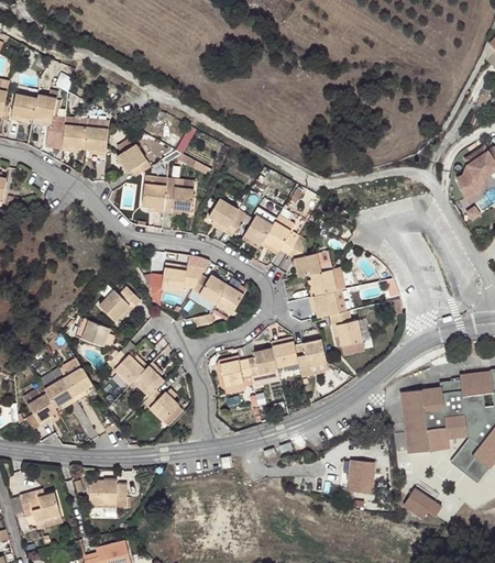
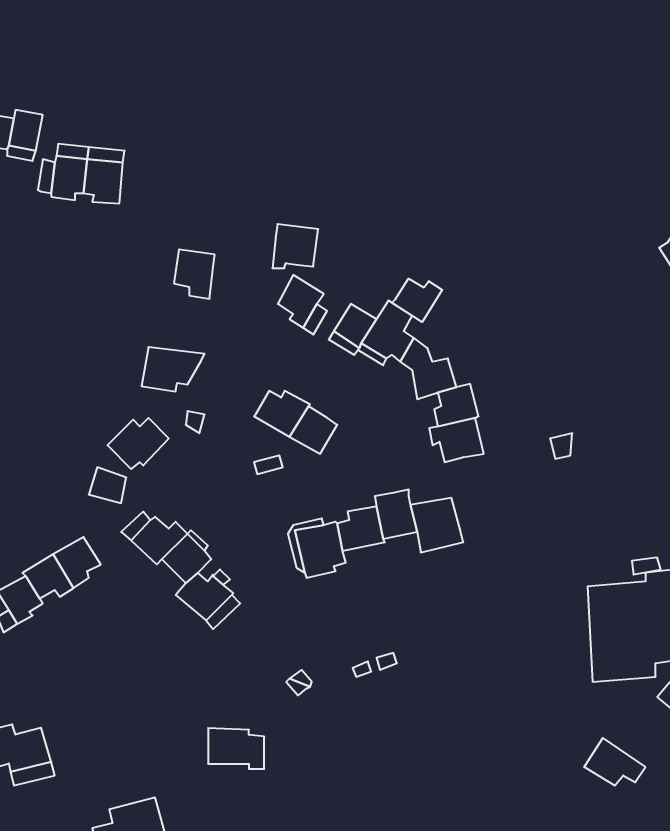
building: [116,142,152,175] -> none
building: [164,184,194,212] -> [272,224,318,268]
building: none -> [392,279,442,322]
building: [164,263,205,291] -> [142,347,205,391]
building: [328,310,363,353] -> none
building: [350,462,377,496] -> none
building: [95,482,131,508] -> [208,728,264,769]

